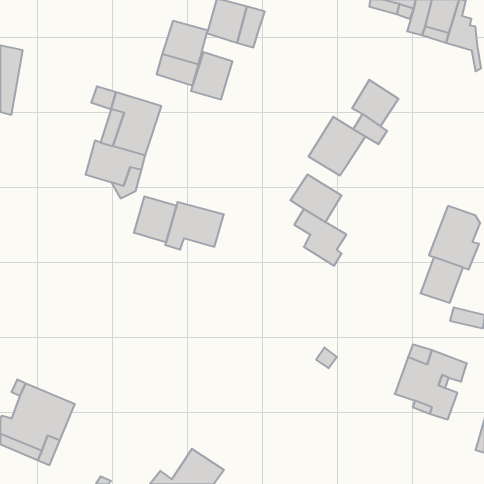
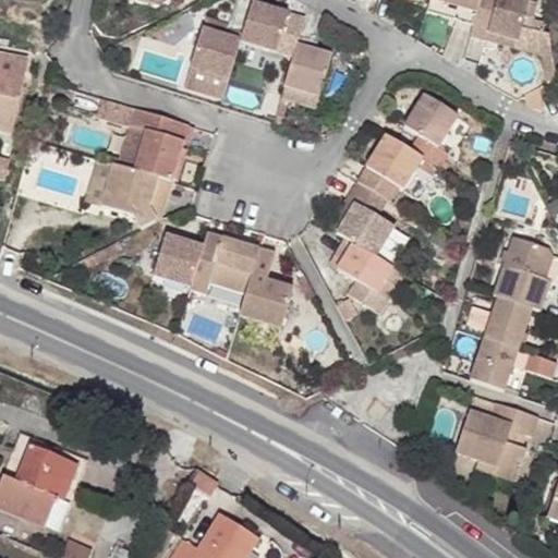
building: [191,52,233,99] -> [282,40,330,95]
building: none -> [236,246,290,327]
building: none -> [470,337,518,388]

